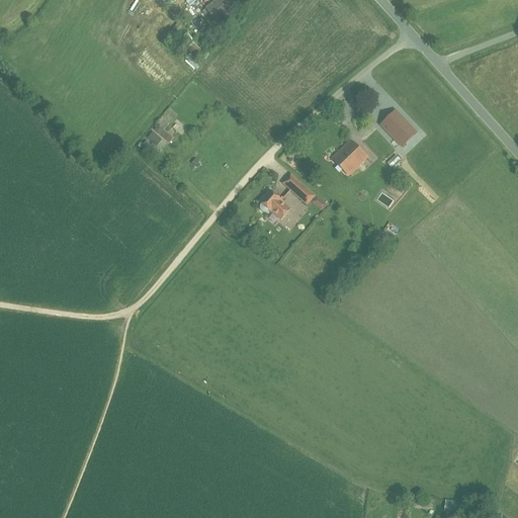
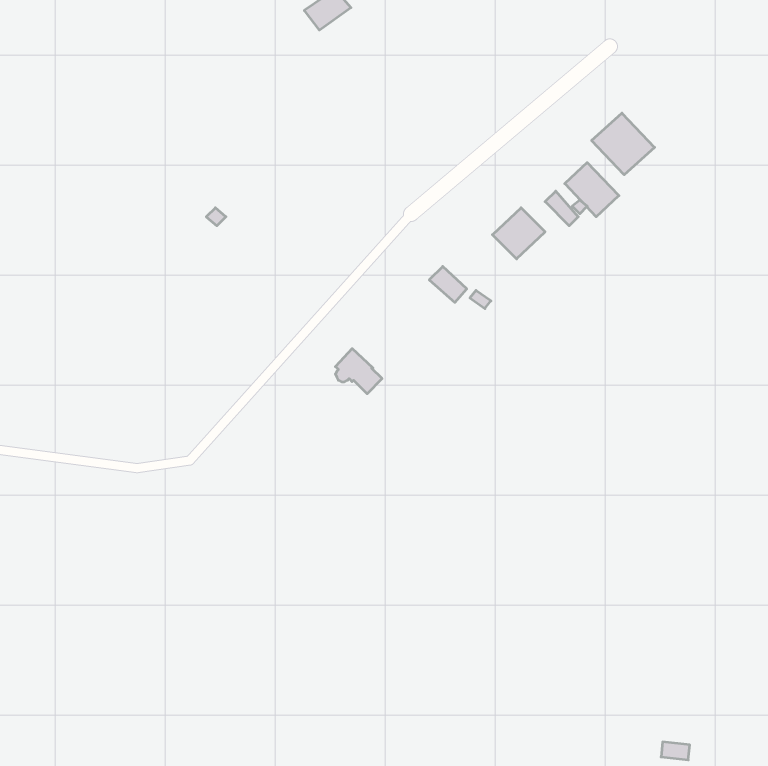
building: none -> [592,113,655,175]
building: [258,188,289,219] -> [335,349,382,394]

